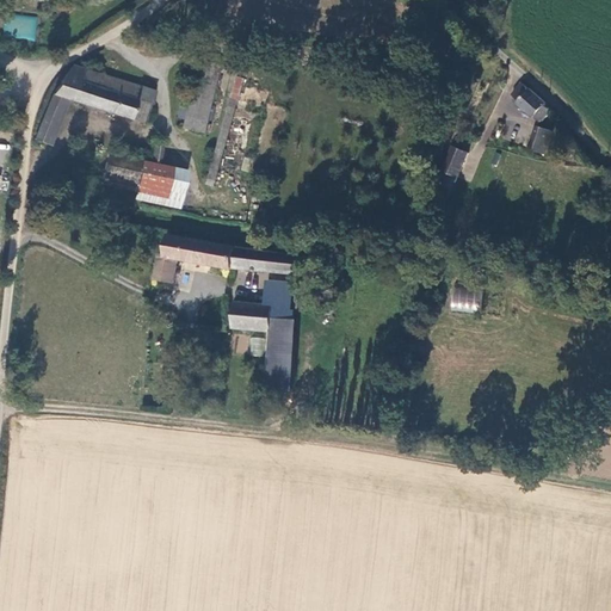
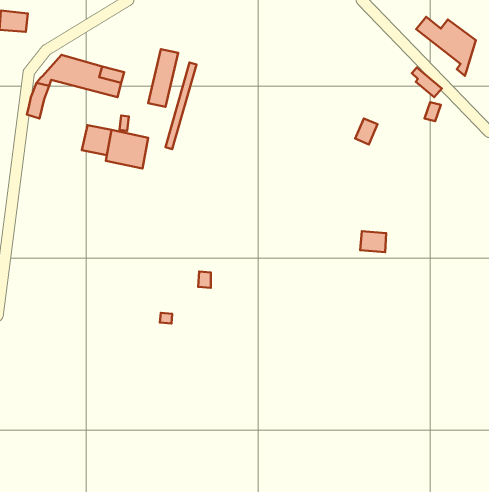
building: none -> [416,17,476,76]
building: [153,235,309,286] -> none
building: [229,283,295,389] -> none

